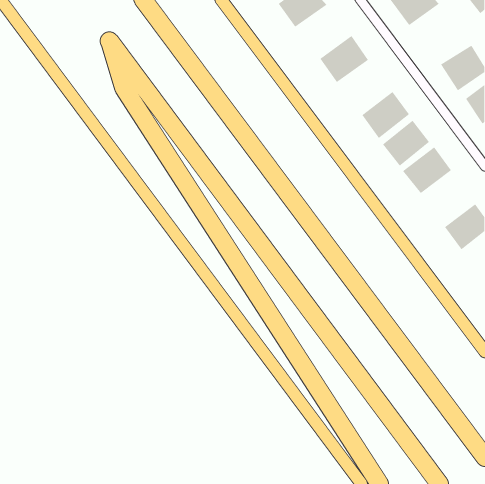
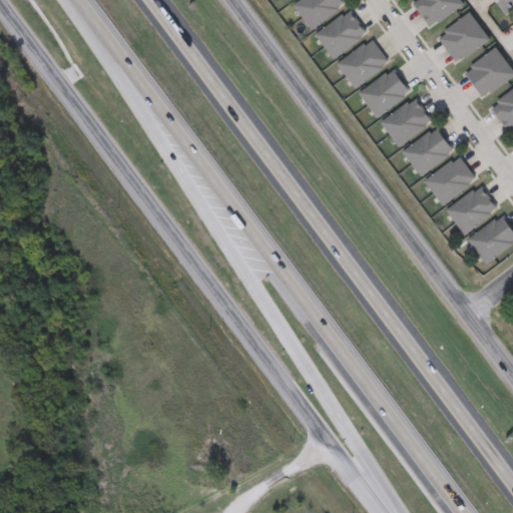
building: none -> [315,9,366,58]
building: none -> [437,12,489,62]
building: none -> [359,68,410,116]
building: none -> [446,184,497,234]

